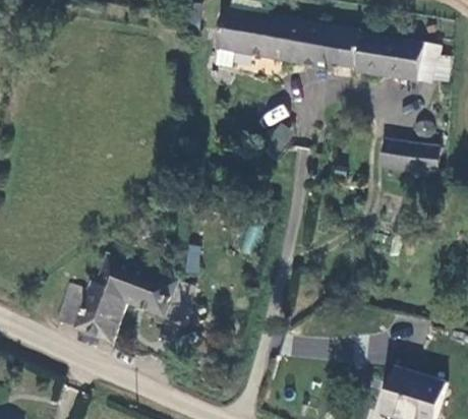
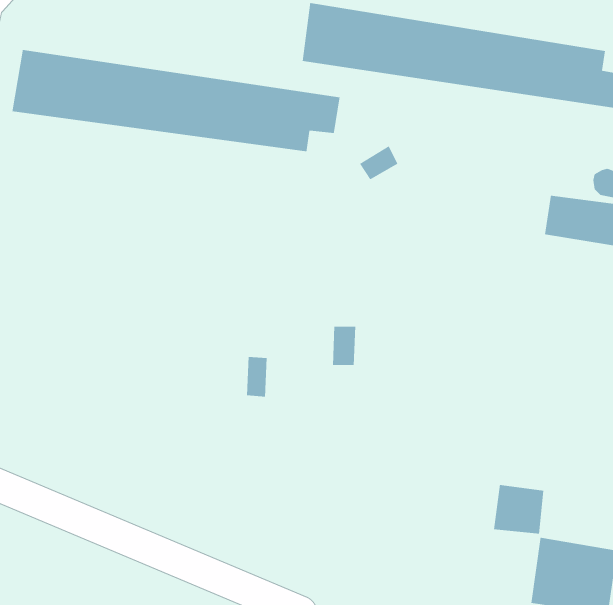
building: none -> [12,49,340,152]
building: [60,253,187,346] -> none

